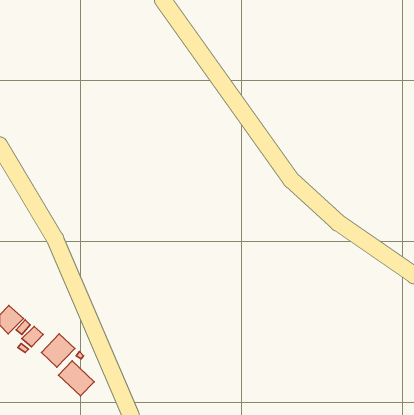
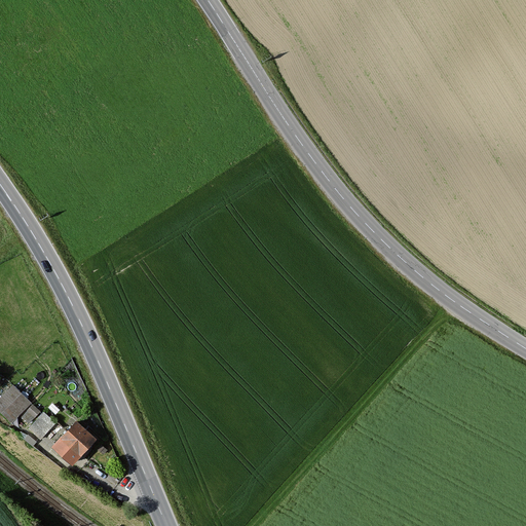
building: [58,361,94,396] -> none

